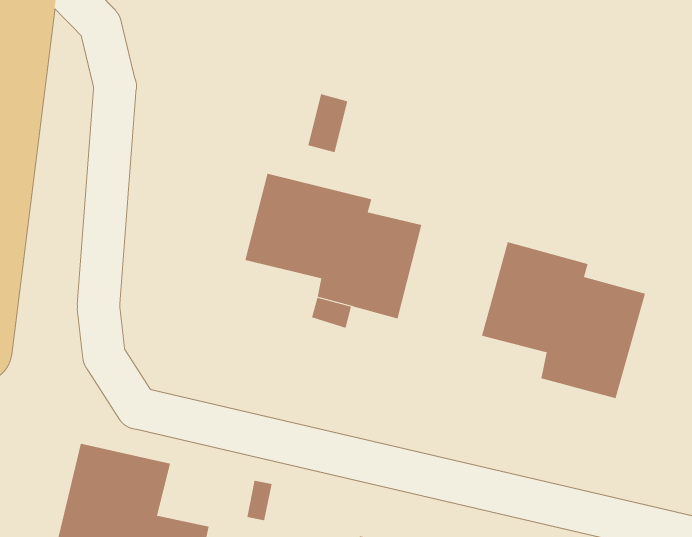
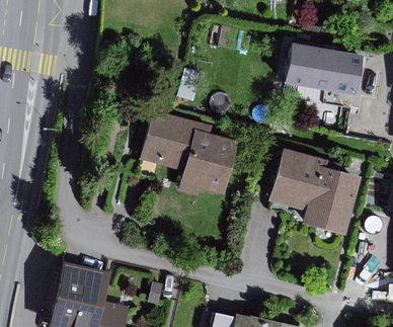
building: none -> [292,47,367,96]

